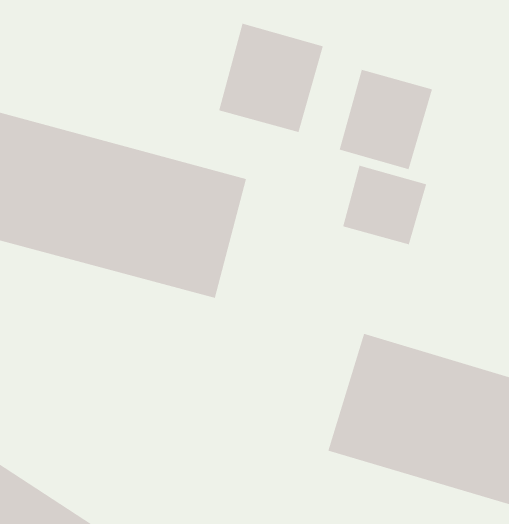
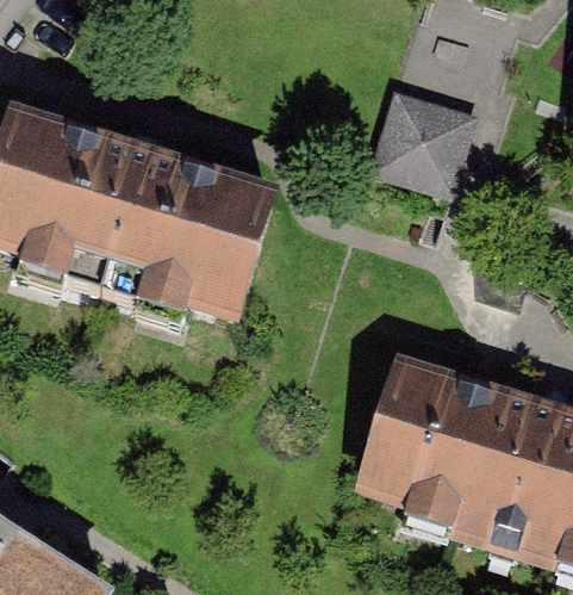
building: [219,23,324,133] -> none
building: [343,165,427,245] -> none

